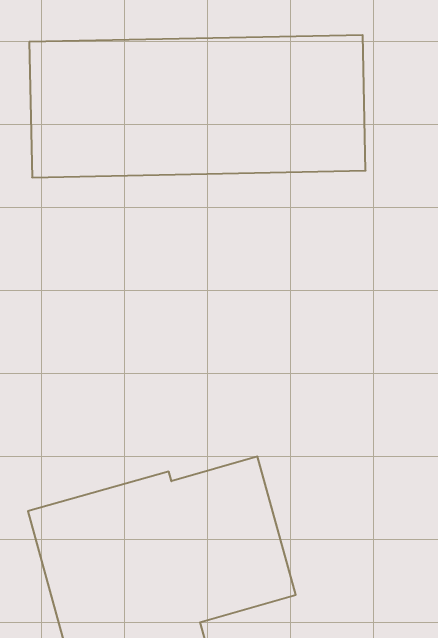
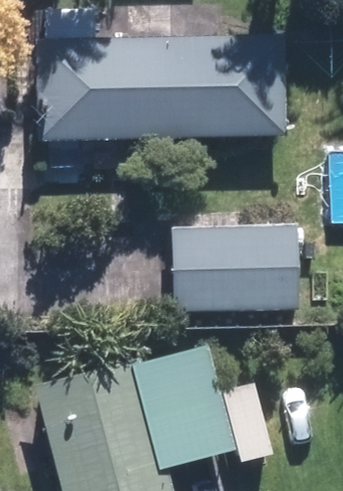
building: none -> [175,229,298,310]

